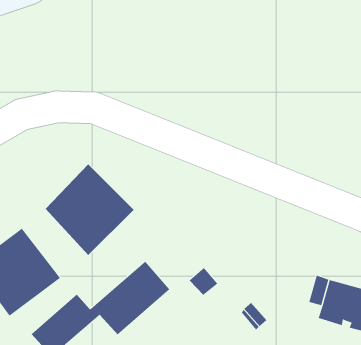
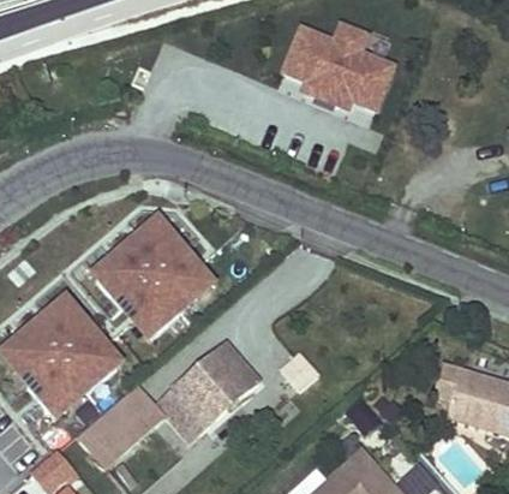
building: none -> [285,24,393,108]

